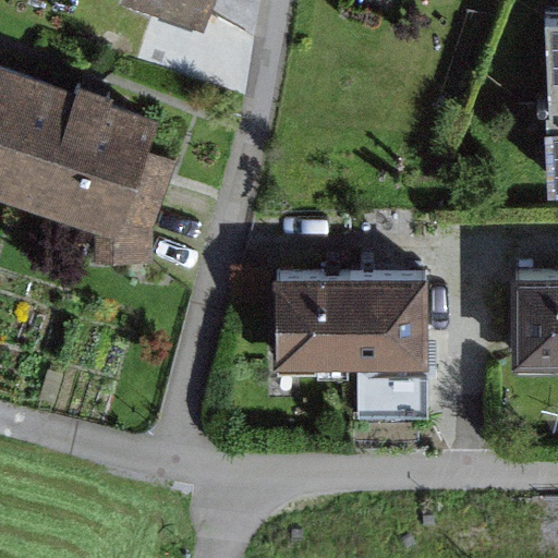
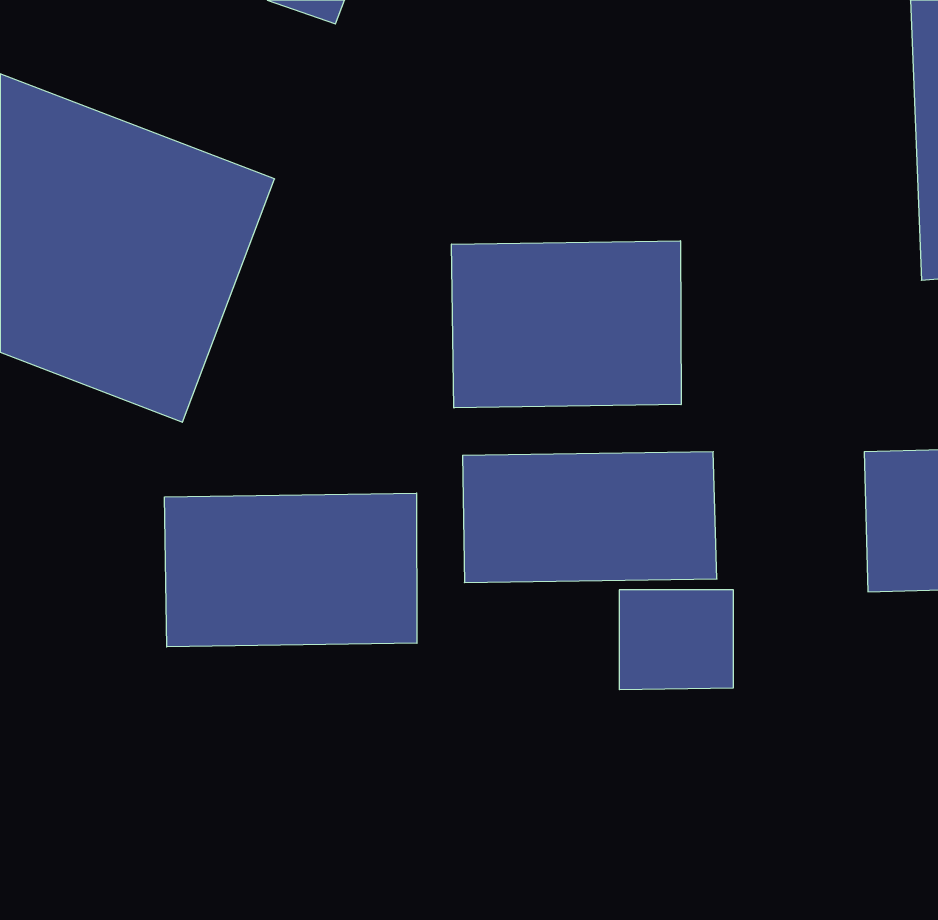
building: none -> [452,241,681,408]
building: none -> [165,493,417,647]

